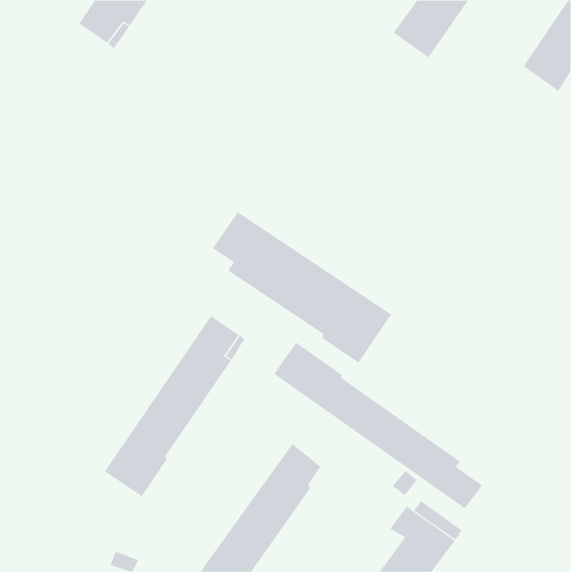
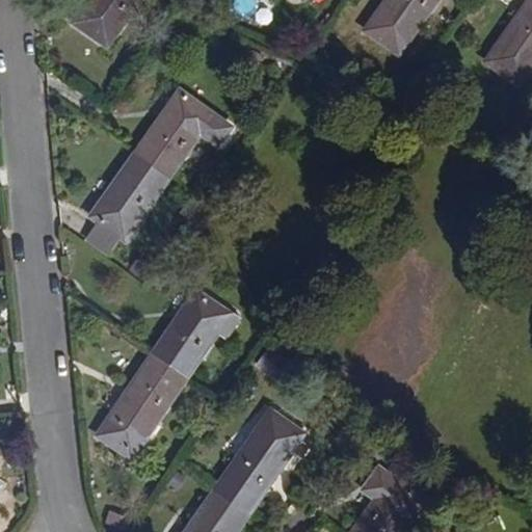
building: none -> [89,92,229,240]
building: [212,212,392,363] -> none
building: [273,342,483,509] -> none

